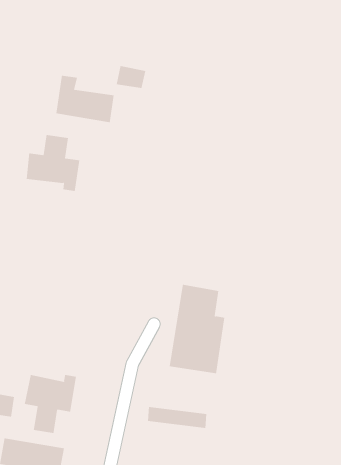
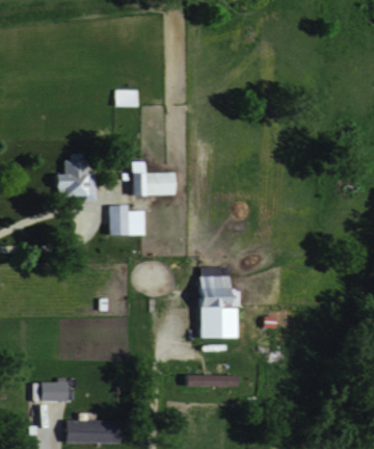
building: [55,75,114,123] -> [131,161,179,195]
building: none -> [108,205,145,235]
building: [24,374,77,434] -> none

